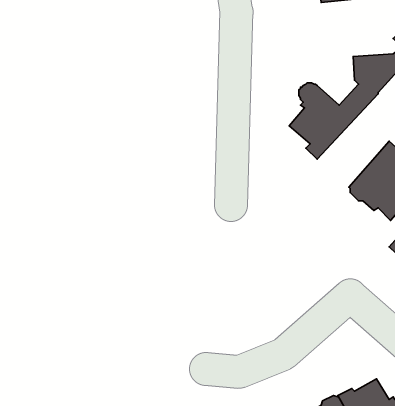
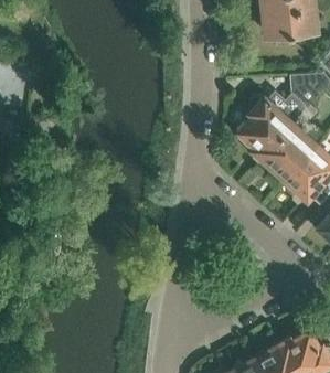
building: none -> [260,106,318,180]

